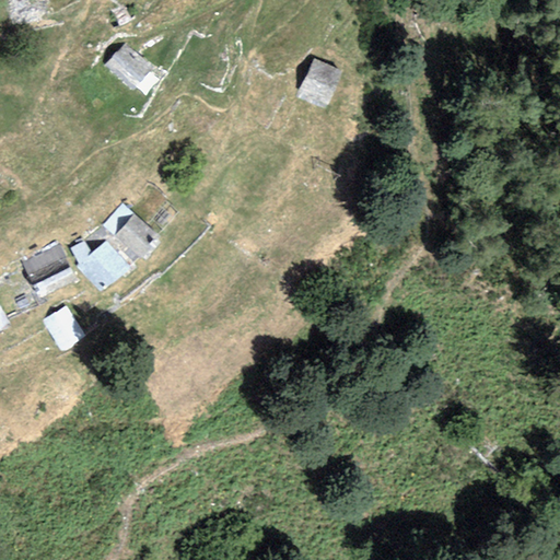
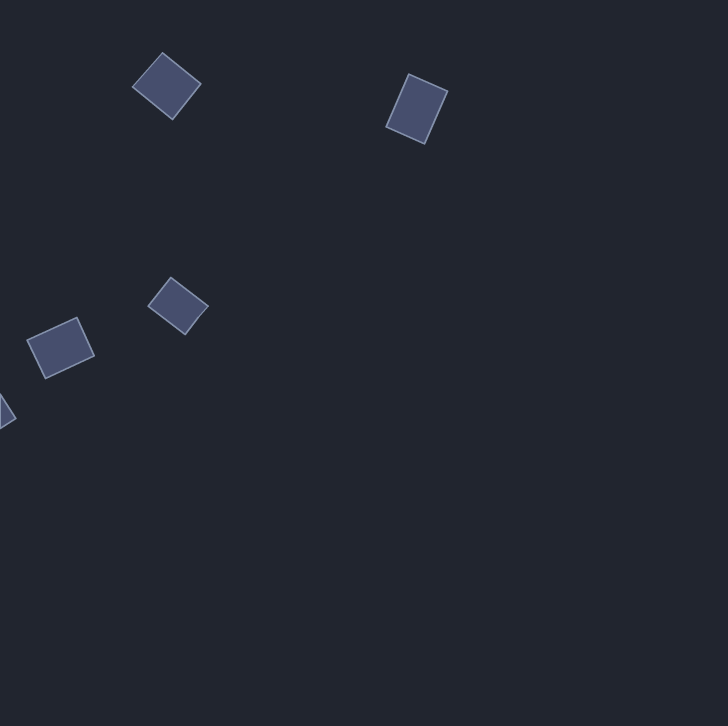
building: [75,238,130,293] -> none
building: [40,305,85,351] -> none

